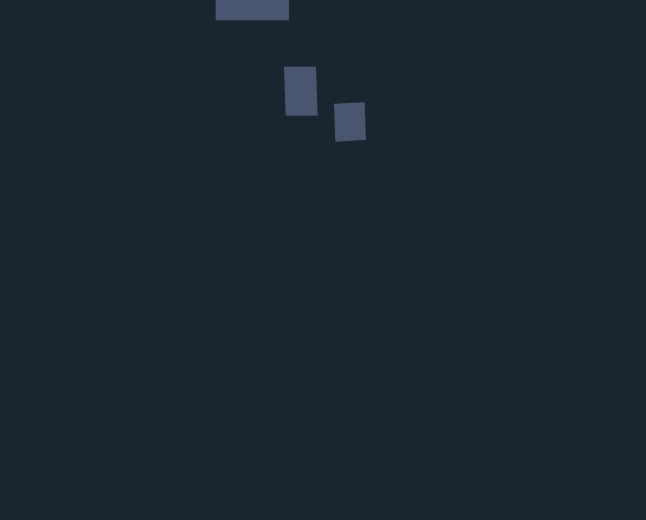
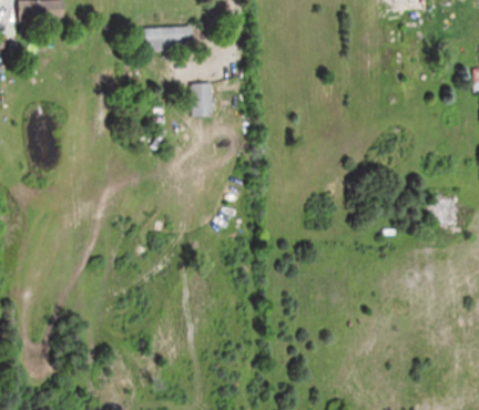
building: [334,101,367,142] -> none

